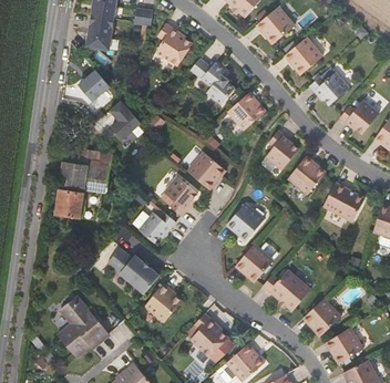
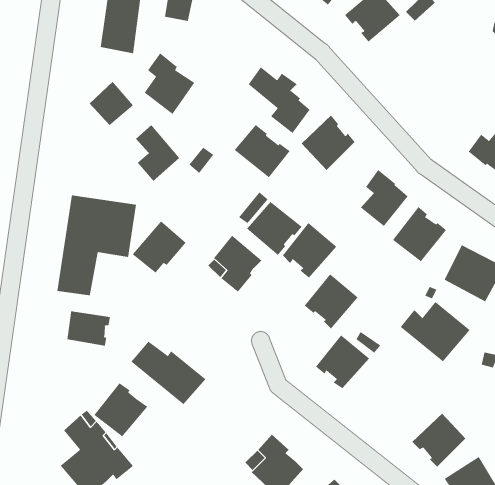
building: [153,25,188,69] -> [144,52,195,115]
building: [285,38,322,75] -> none
building: [309,68,349,106] -> none
building: none -> [234,124,290,178]
building: none -> [282,222,337,279]
building: [138,207,176,244] -> [132,220,186,273]
building: none -> [67,311,111,346]
building: [261,269,310,311] -> [400,301,470,362]
building: [145,284,183,322] -> [93,383,148,437]

